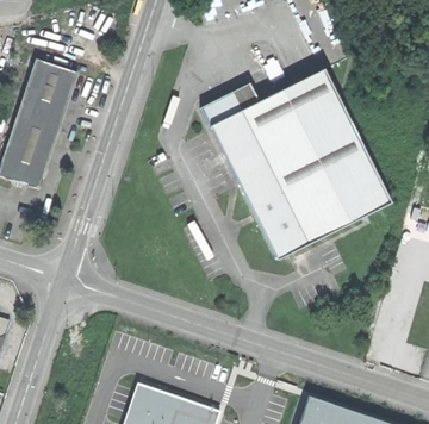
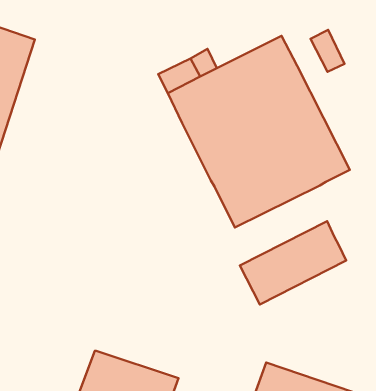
building: none -> [310,30,345,72]
building: none -> [240,221,346,305]

